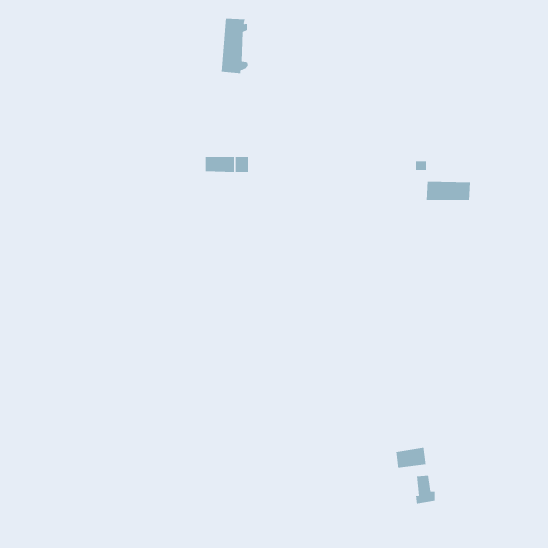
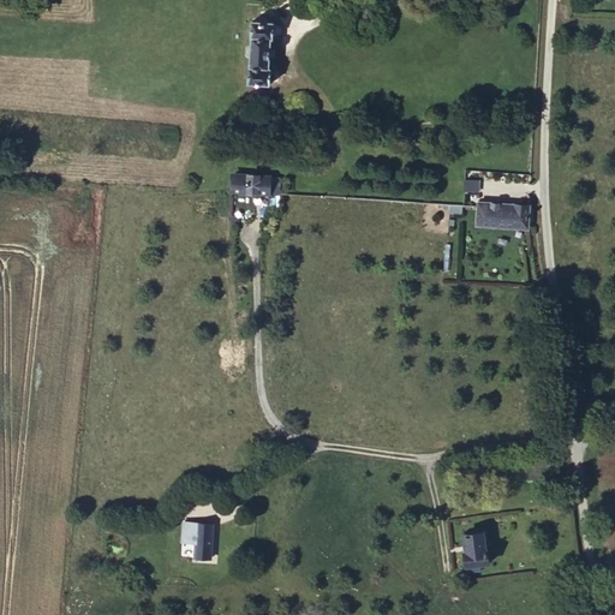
building: [396,447,426,468] -> none
building: none -> [179,520,215,556]

